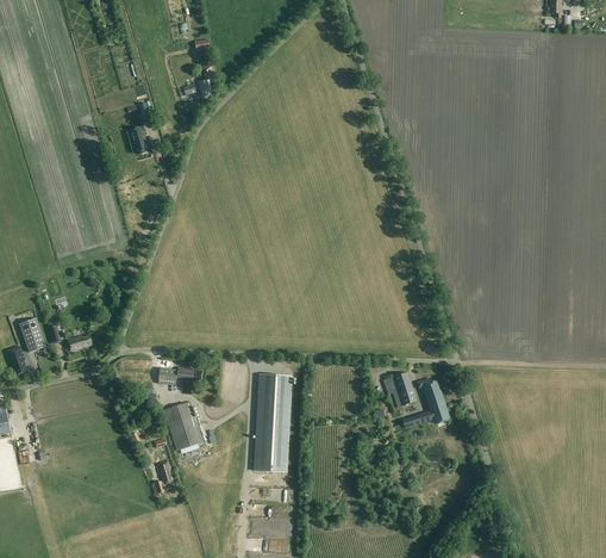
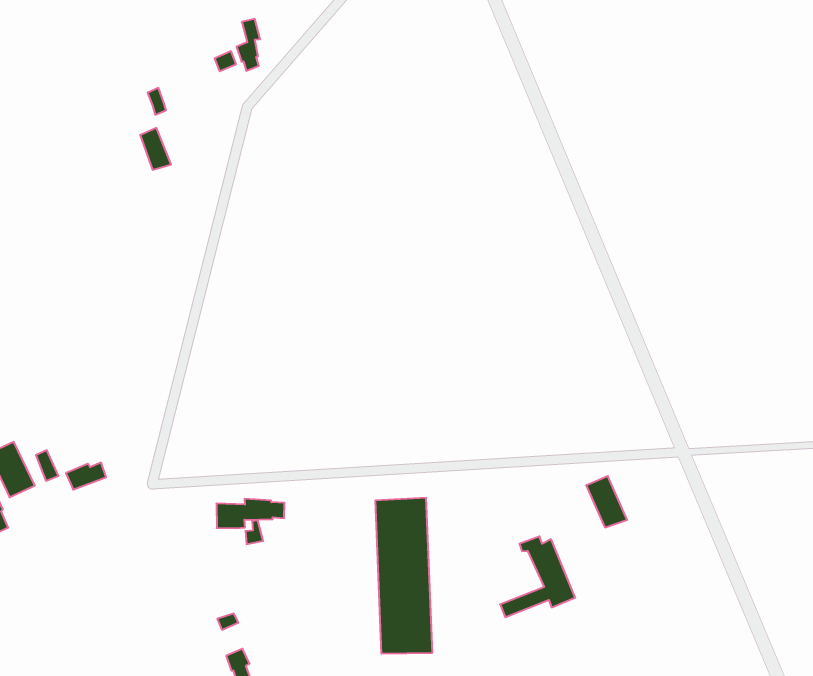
building: [401,378,449,427] -> [500,536,575,617]
building: [164,401,202,450] -> none

